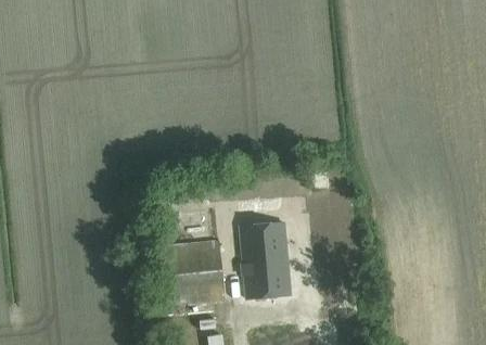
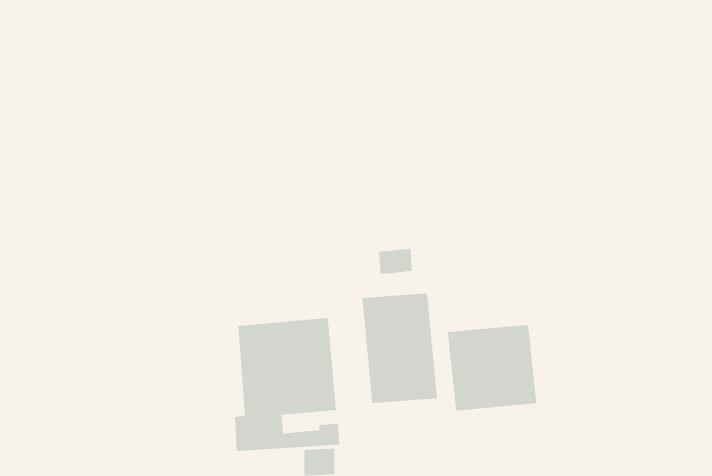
building: none -> [447,324,537,412]

